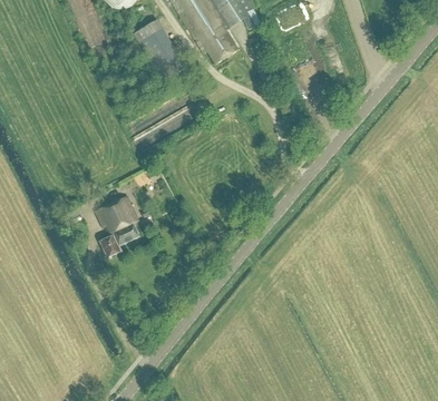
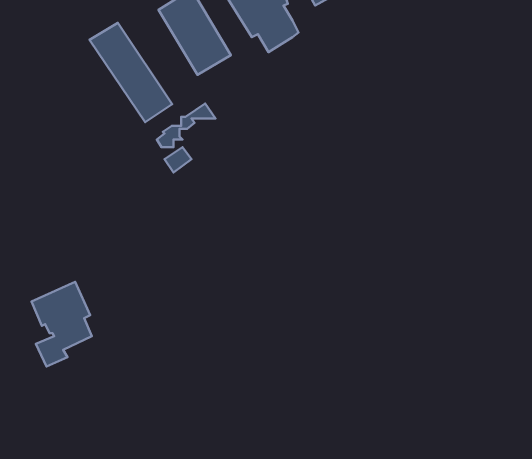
building: none -> [89,23,172,122]
building: [94,195,138,257] -> [31,282,92,366]

